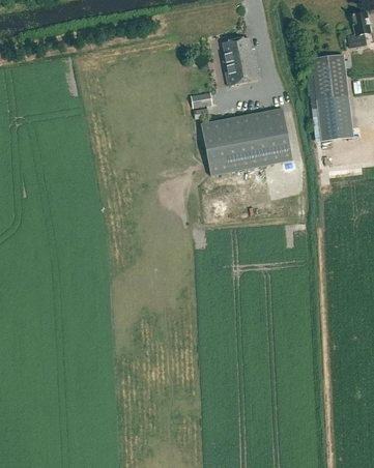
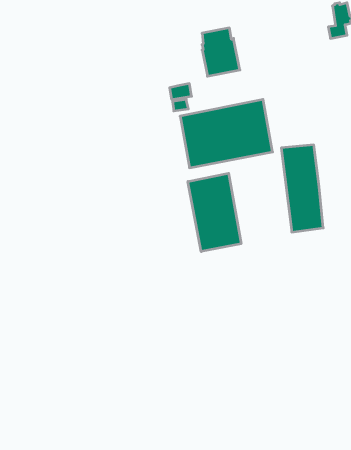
building: [310,54,351,140] -> [281,145,323,232]
building: none -> [188,173,241,252]

